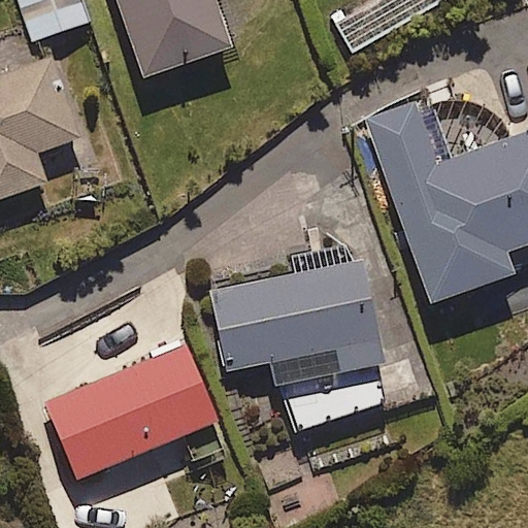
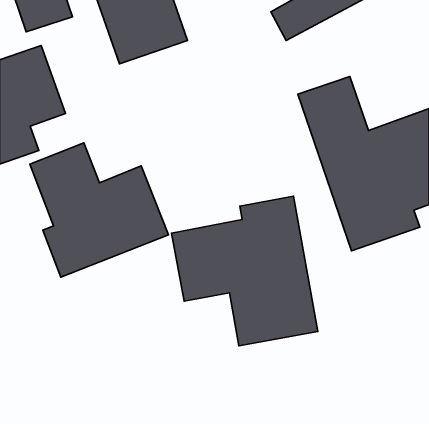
building: none -> [30,143,168,277]
building: [38,338,224,488] -> none

